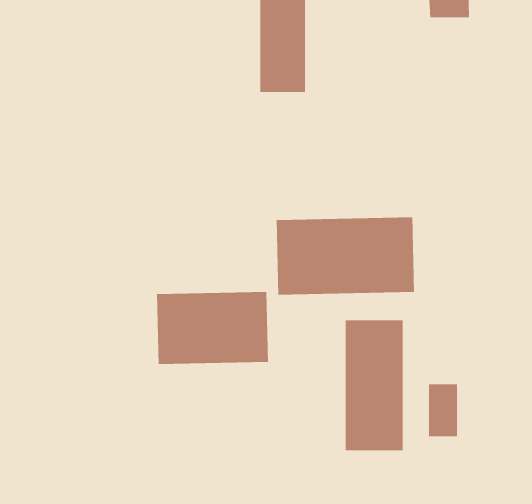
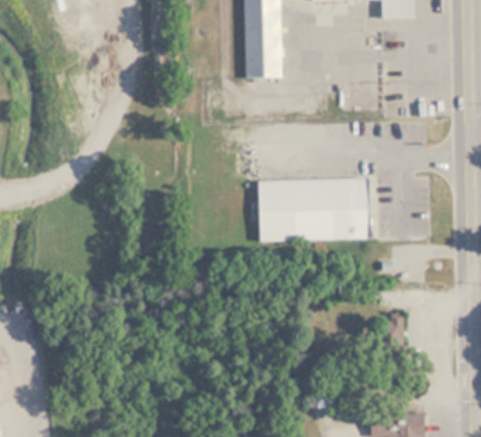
building: [156,291,269,365] -> none
building: [345,319,403,451] -> none

